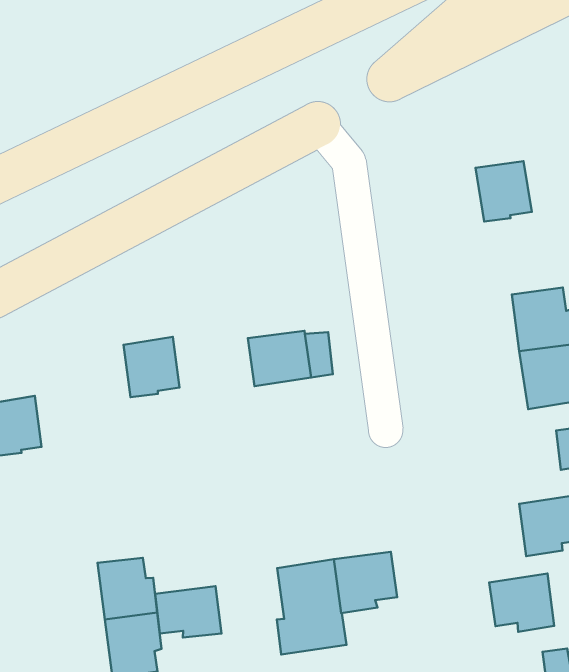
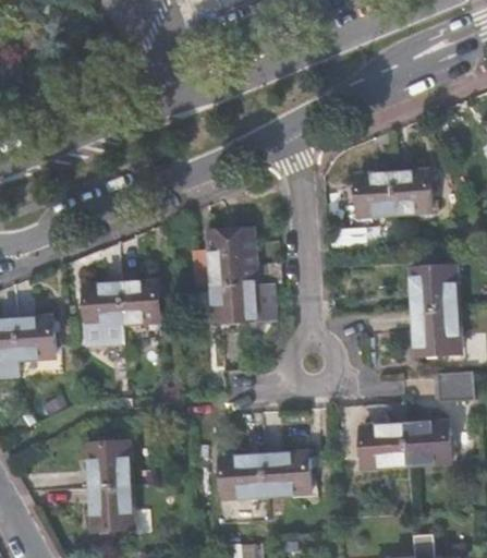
building: none -> [357,172,395,213]
building: none -> [193,229,256,287]
building: none -> [84,283,125,345]
building: [489,574,554,632] -> [362,424,407,465]
building: [155,586,222,638] -> none

